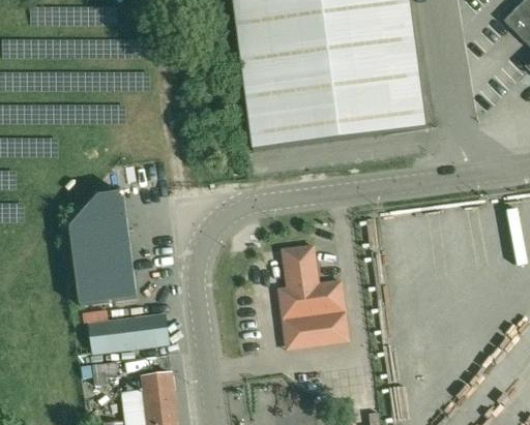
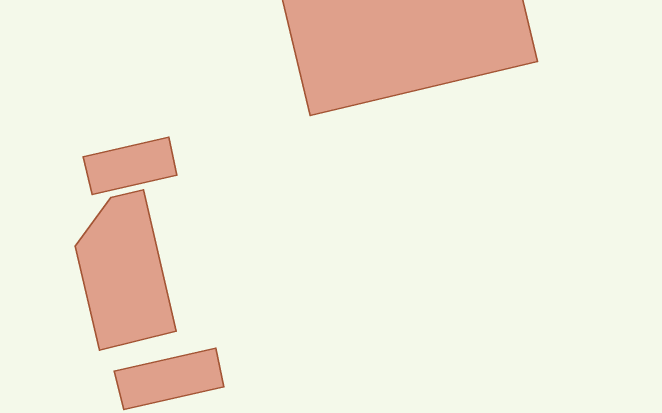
building: none -> [83,137,177,194]
building: [278,243,348,348] -> none

